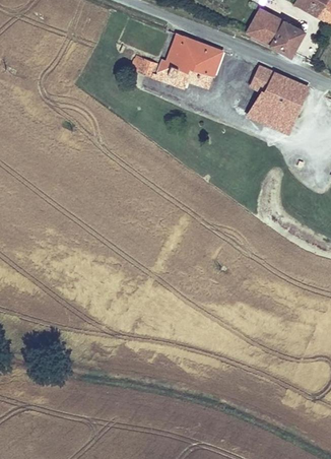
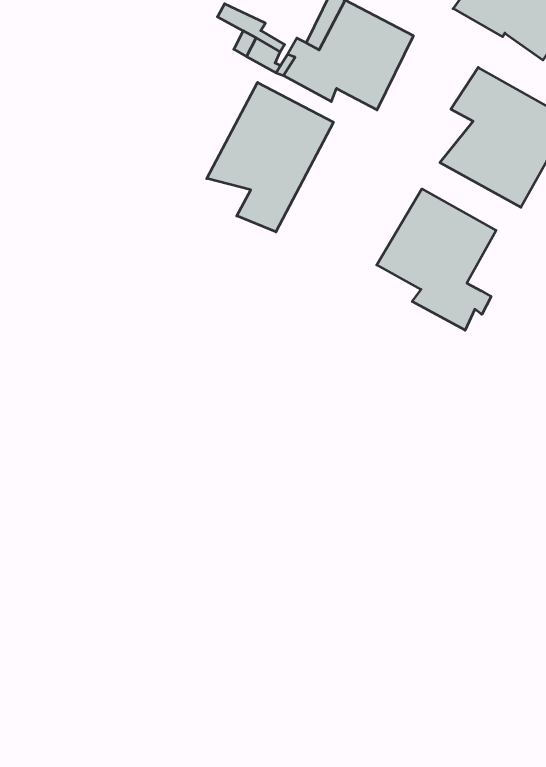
building: none -> [207,82,333,232]
building: none -> [377,189,496,330]

